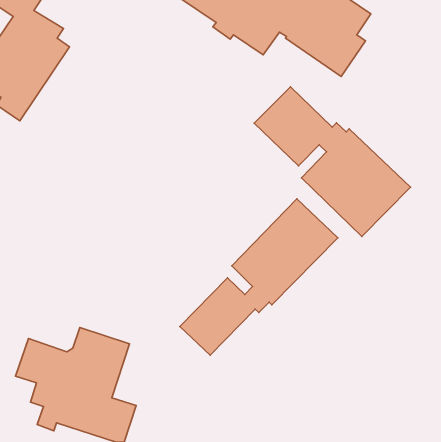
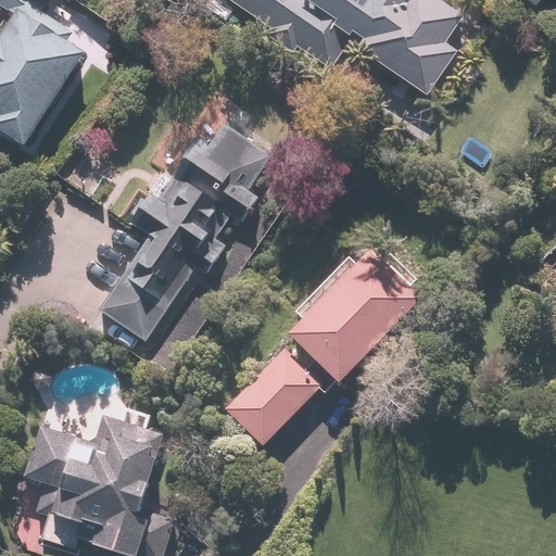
building: [254,87,410,237] -> none
building: none -> [99,124,270,338]

